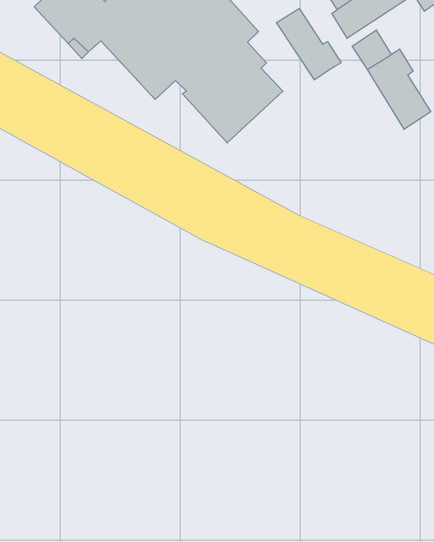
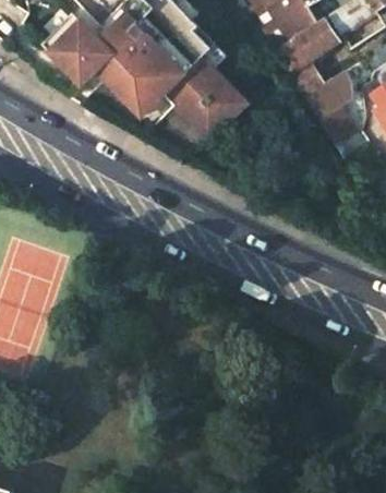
building: [277,8,341,80] -> none

